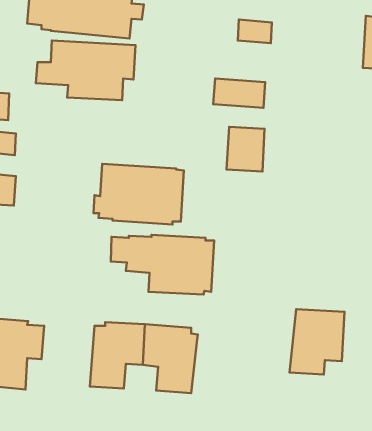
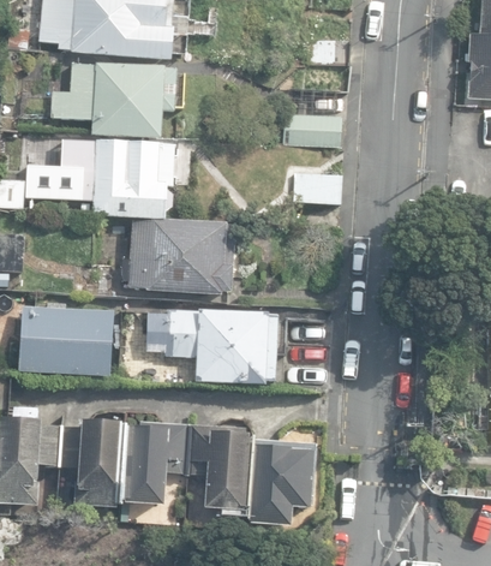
building: none -> [30,142,173,218]
building: none -> [19,305,113,375]
building: [290,309,345,375] -> [247,441,317,524]
building: none -> [59,421,126,506]

